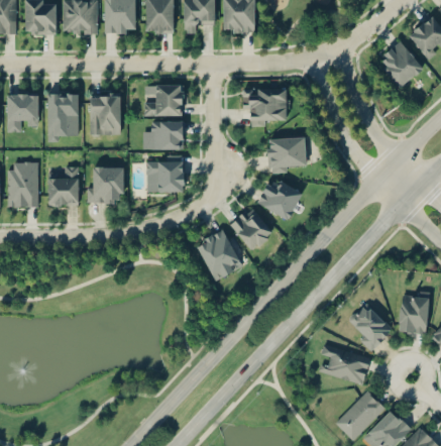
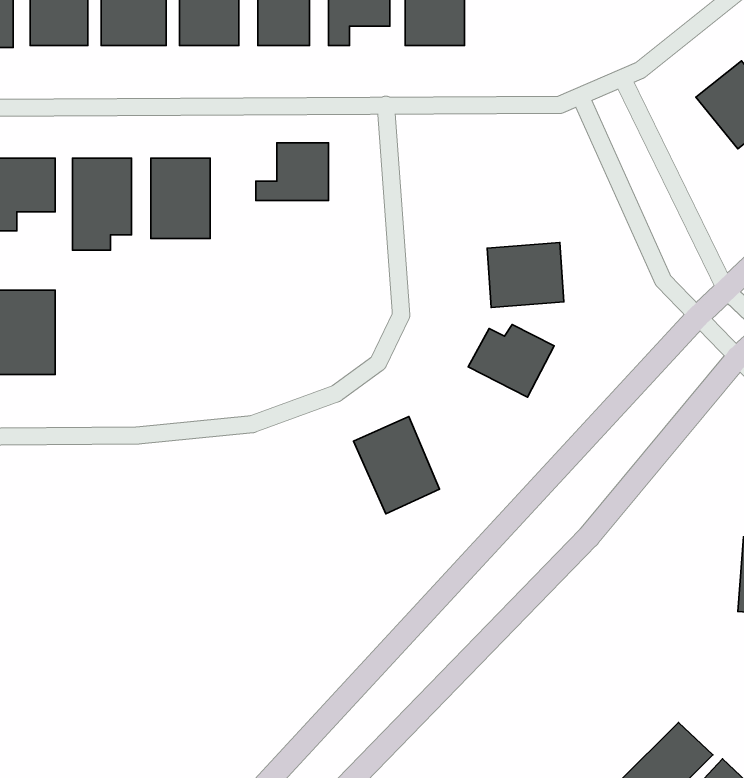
building: [242,89,287,126] -> none
building: [152,121,183,149] -> none
building: [146,155,183,192] -> none
building: [47,168,78,206] -> none
building: [87,168,124,203] -> none
building: [230,207,272,250] -> none
building: [350,304,393,351] -> none
building: [318,344,369,384] -> none

